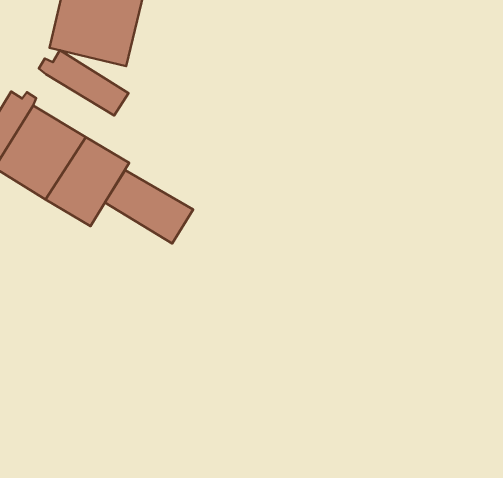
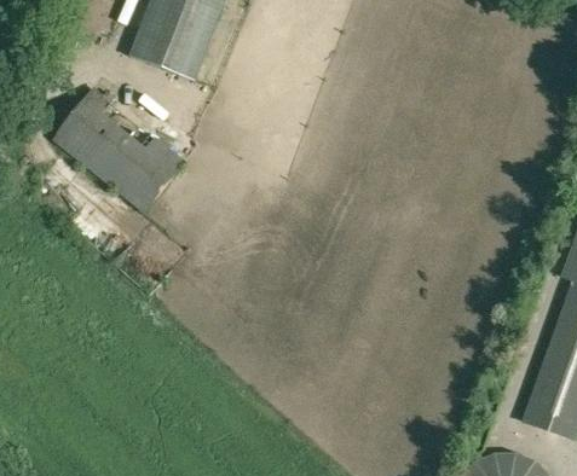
building: [39,50,129,116] -> none
building: [105,170,193,243] -> none

